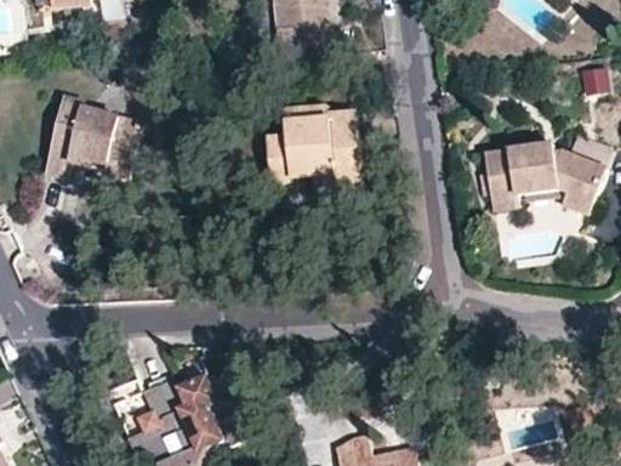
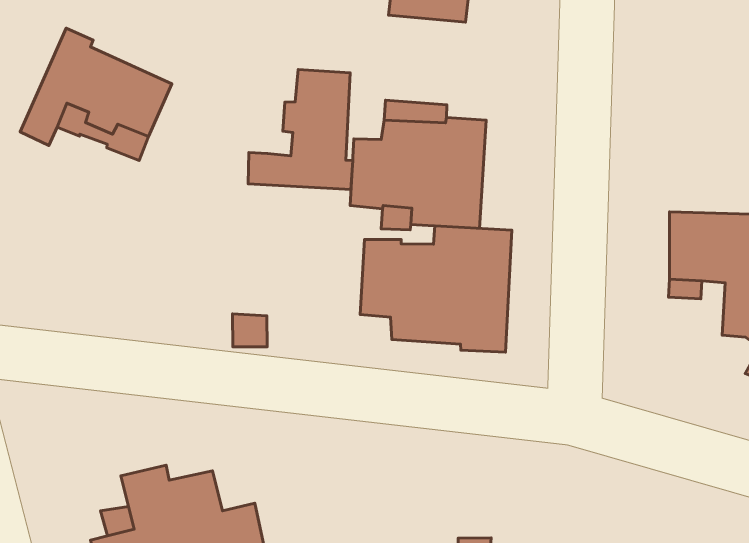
building: none -> [248,70,353,190]
building: none -> [360,226,512,352]

